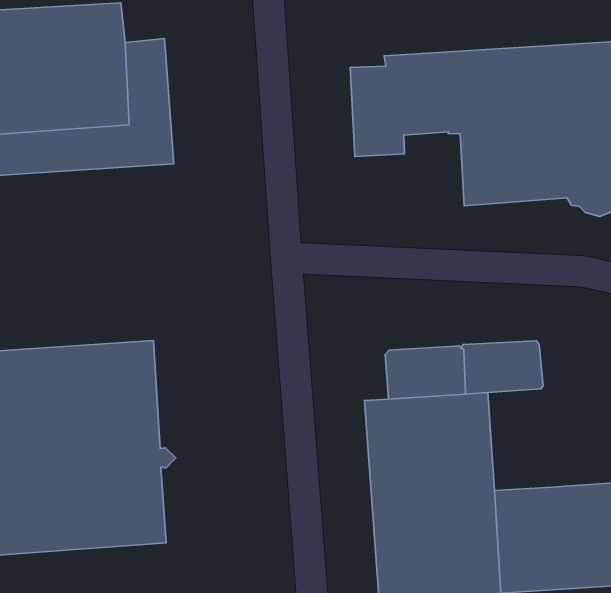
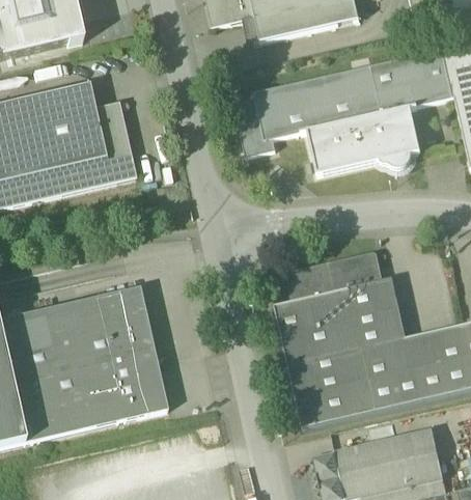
building: none -> [349,280,404,346]

